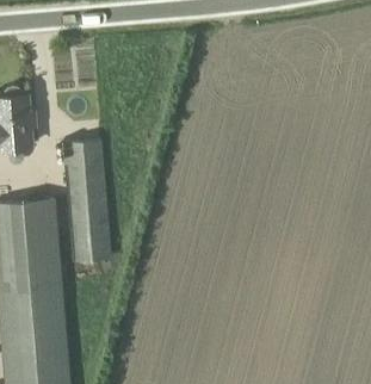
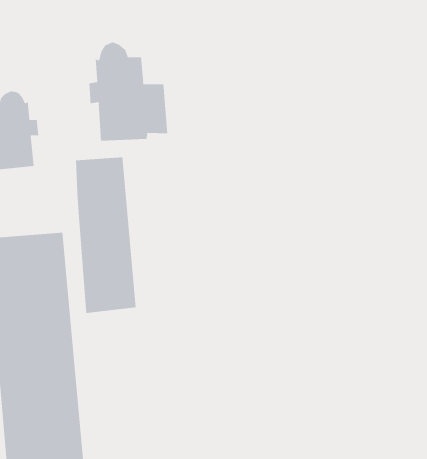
building: none -> [89,42,168,142]

